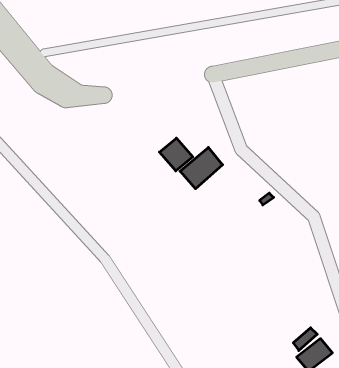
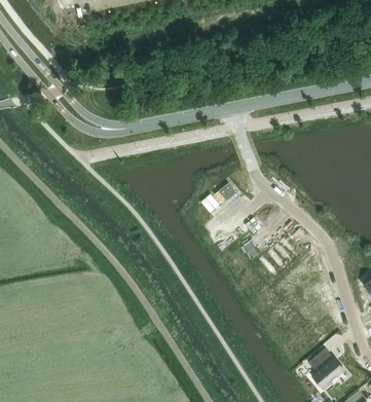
building: [159,138,193,171] -> none

